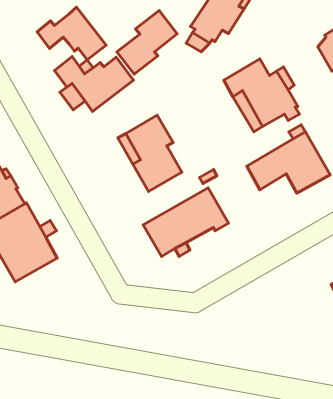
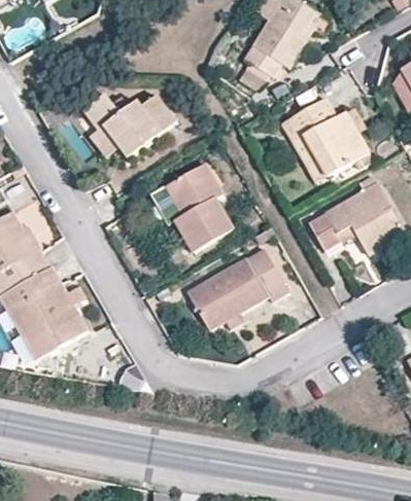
building: [37,7,106,60] -> none
building: [117,10,177,74] -> none

